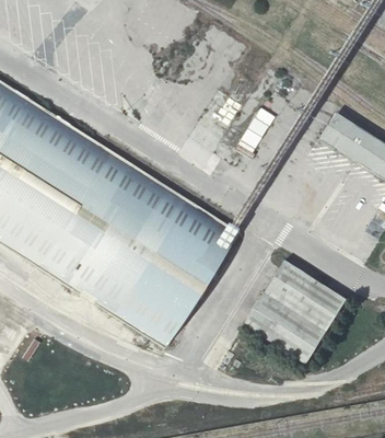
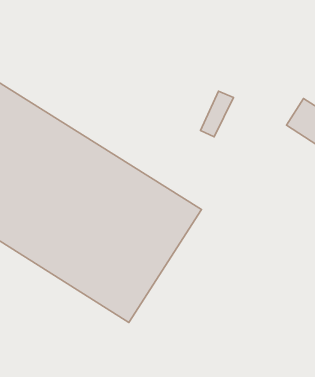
building: [244,260,345,362] -> none

